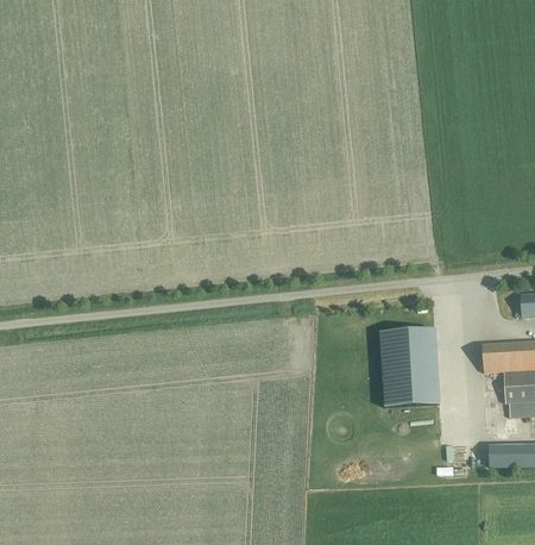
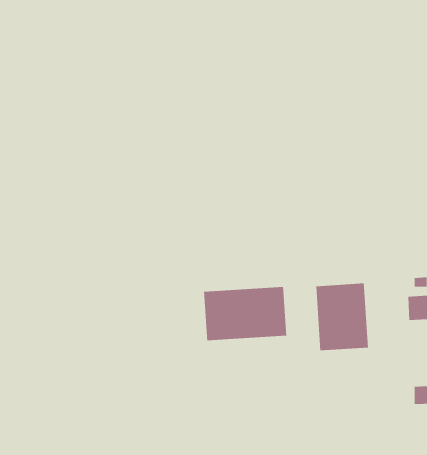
building: none -> [204,286,287,341]

